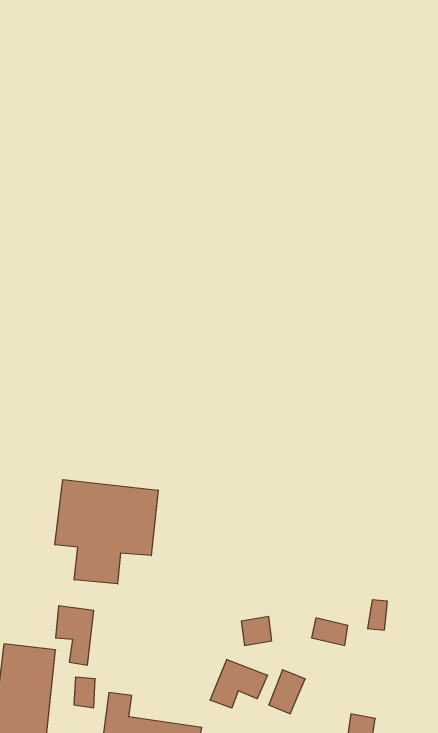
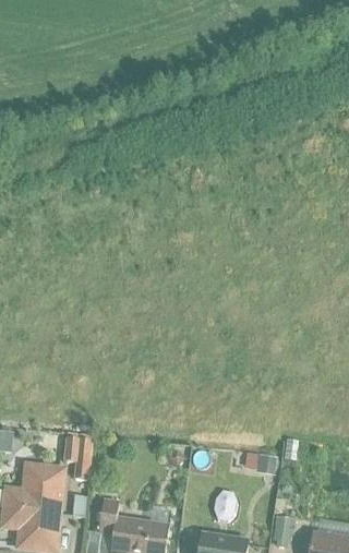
building: [55,480,158,584] -> none
building: [210,659,267,708] -> none

